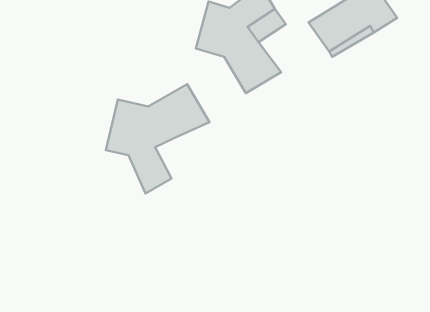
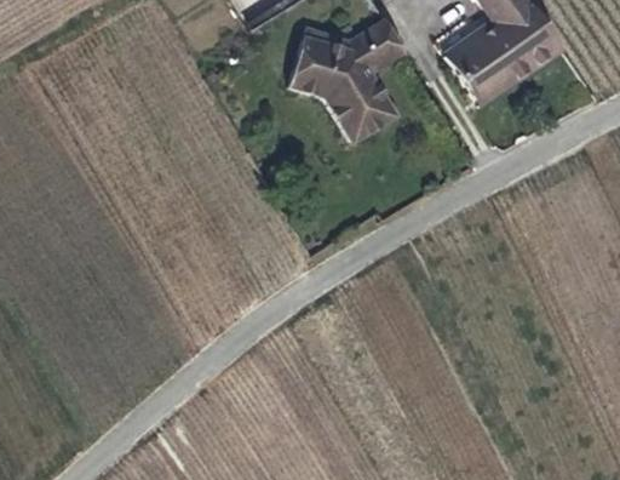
building: [106,84,210,194] -> none

